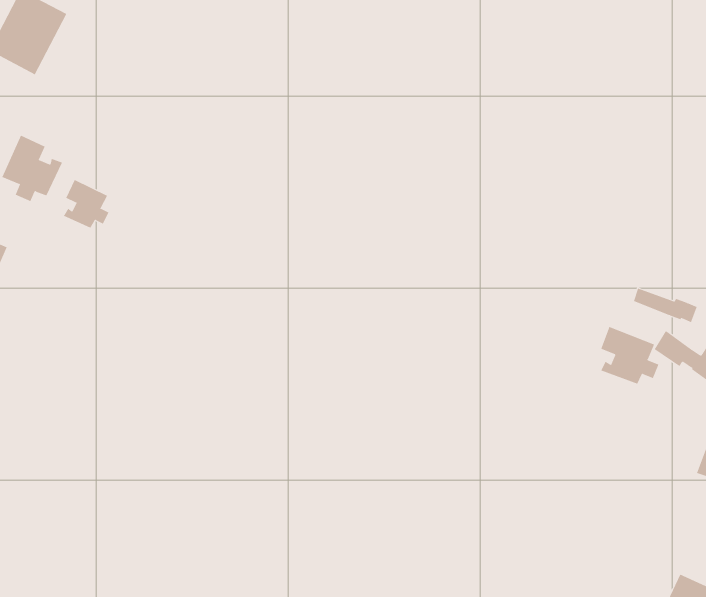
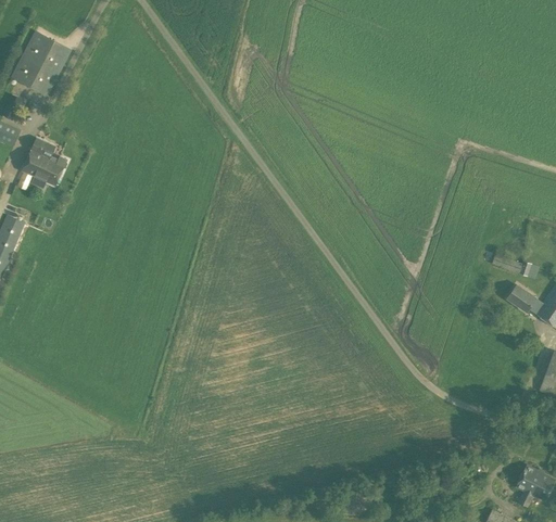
building: [63,179,109,229] -> none
building: [600,326,659,385] -> none

